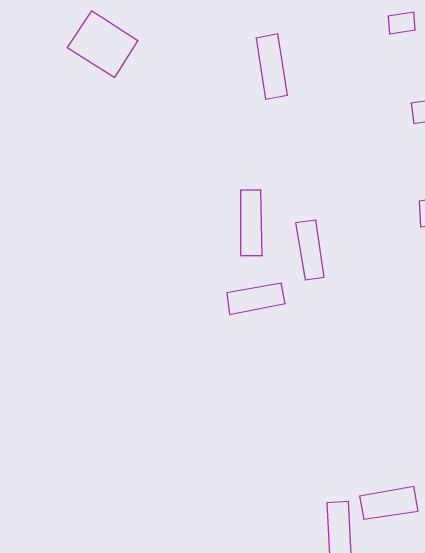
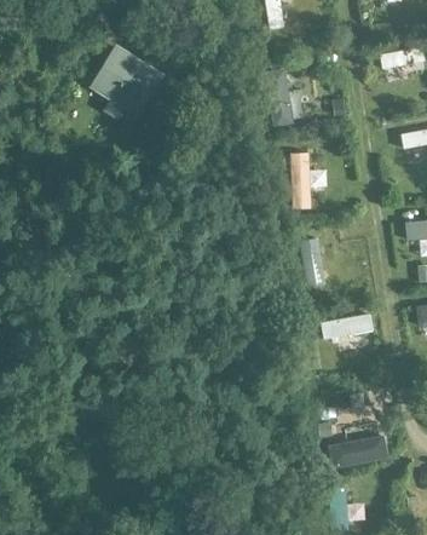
building: [241,190,262,255] -> [292,151,311,209]
building: [227,283,285,314] -> [321,315,373,343]
building: [360,487,418,519] -> [330,437,382,466]

